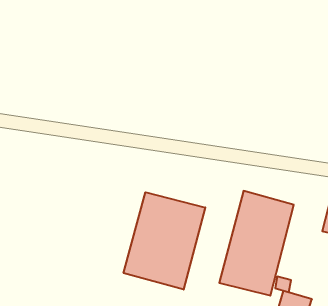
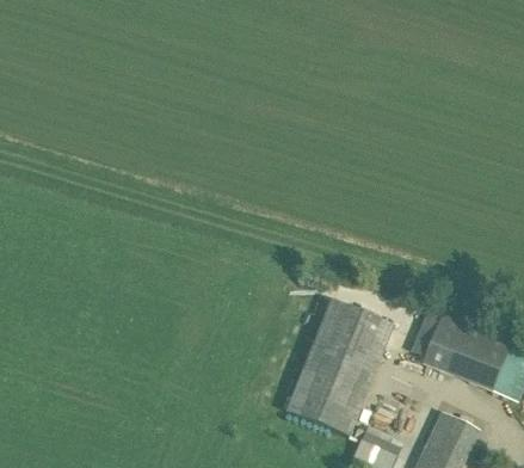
building: [124,192,205,290] -> none

